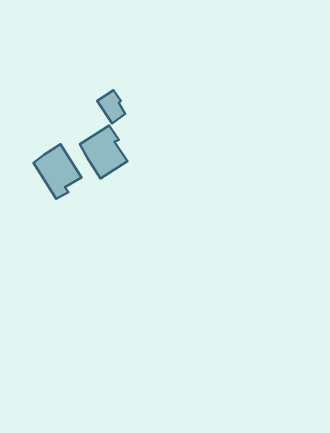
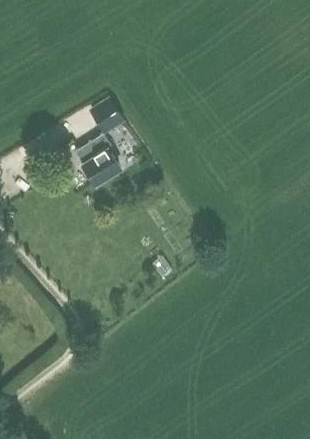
building: [33,144,82,199] -> none

